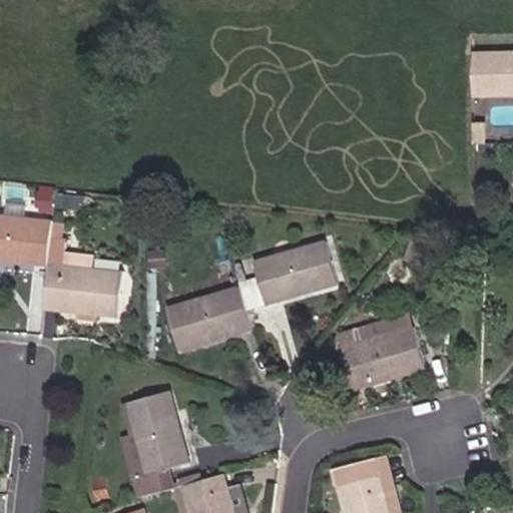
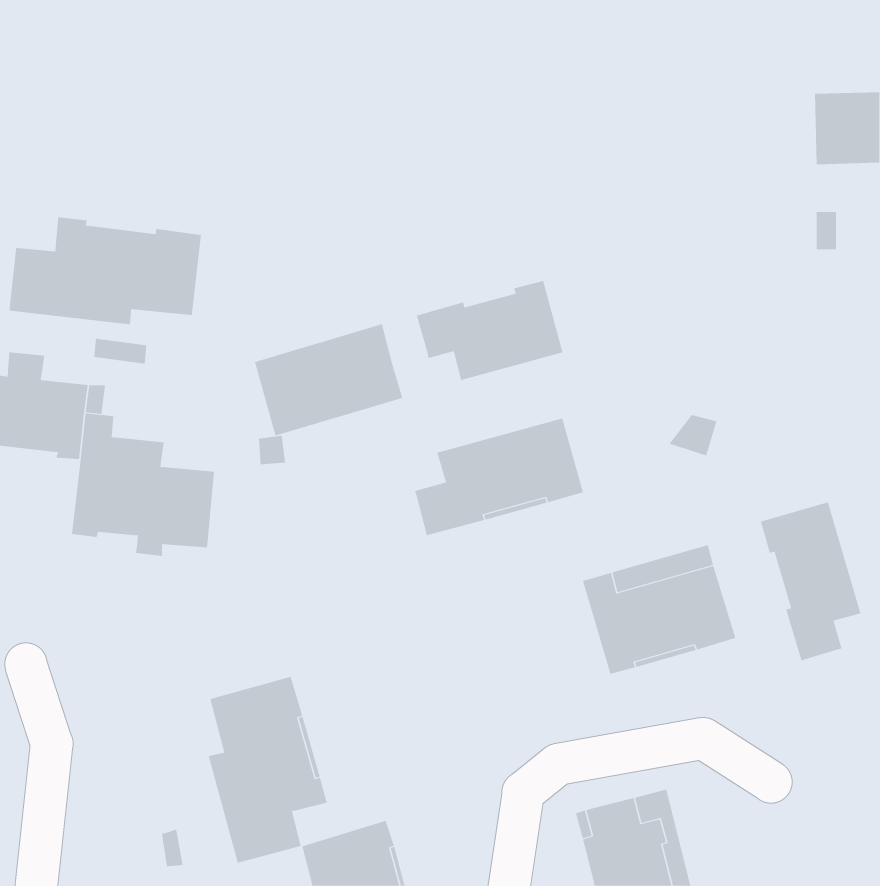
building: none -> [9,217,202,325]
building: none -> [416,280,563,381]
building: [166,287,252,352] -> [254,324,403,436]
building: none -> [760,501,861,661]

